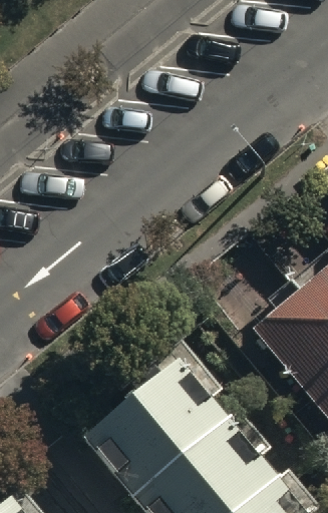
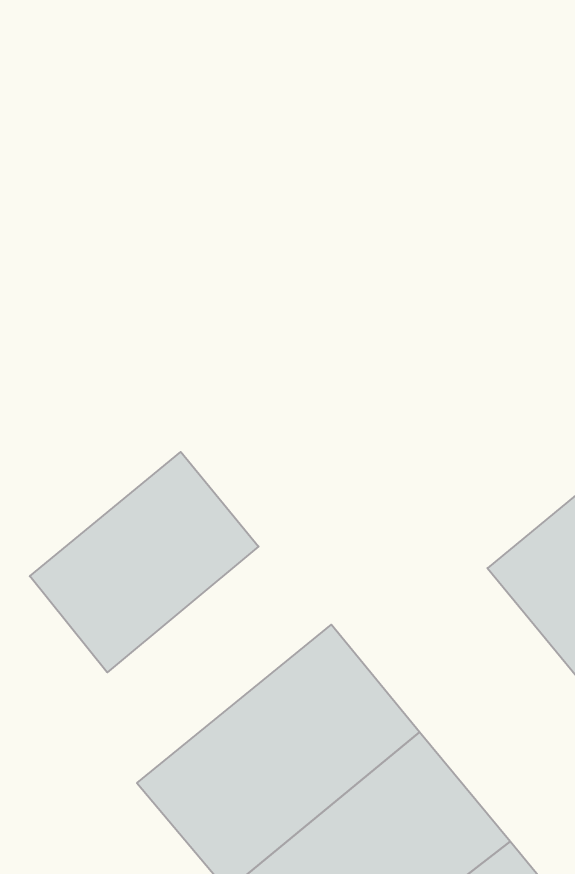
building: none -> [30,452,259,672]

